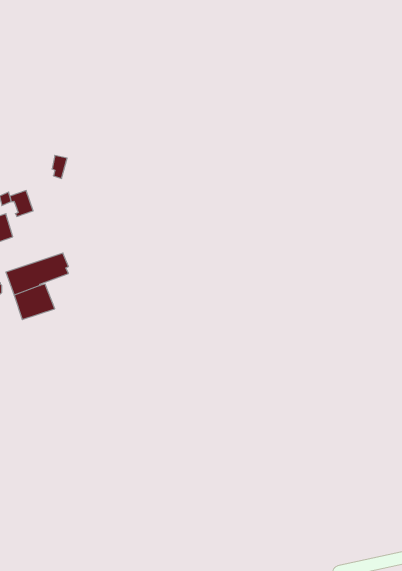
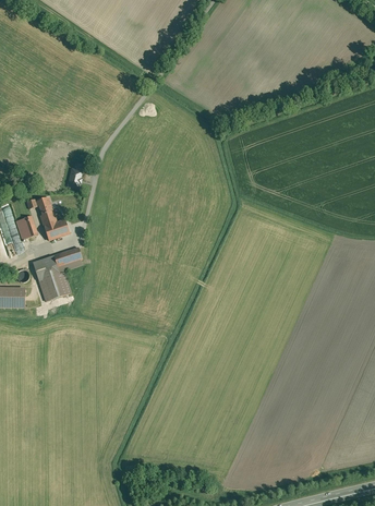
building: none -> [41,214,70,240]

